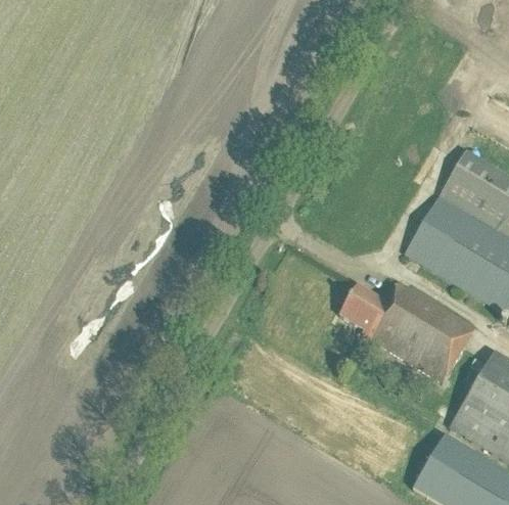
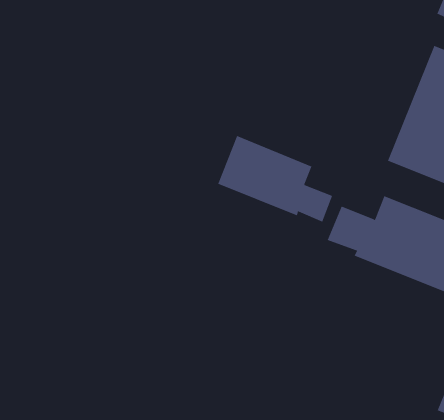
building: none -> [217,135,333,223]

